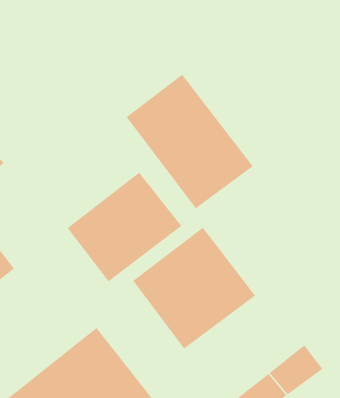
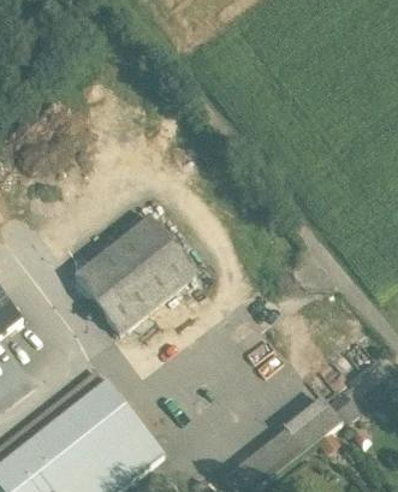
building: [126,74,253,209] -> none
building: [132,227,256,349] -> none

